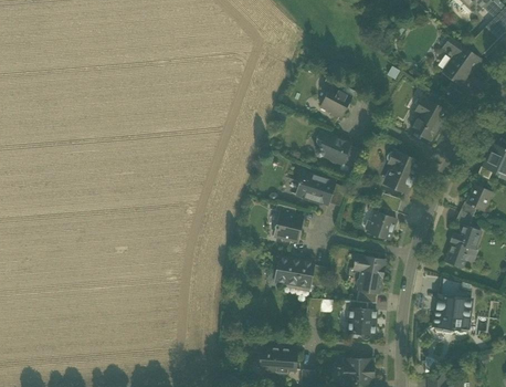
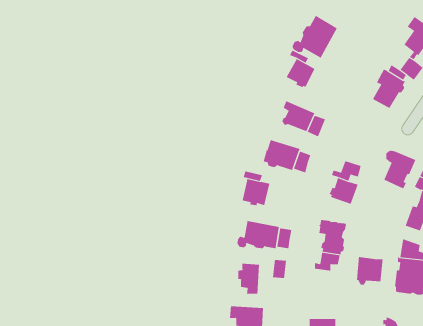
building: none -> [292,15,338,58]
building: [384,153,419,194] -> [384,150,416,189]
building: none -> [238,263,260,295]
building: [348,308,377,338] -> [356,257,383,285]

